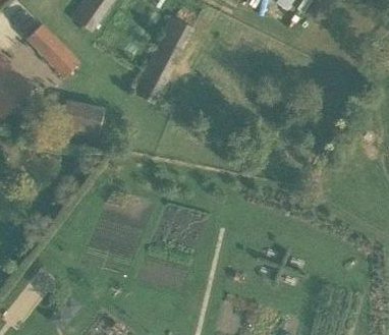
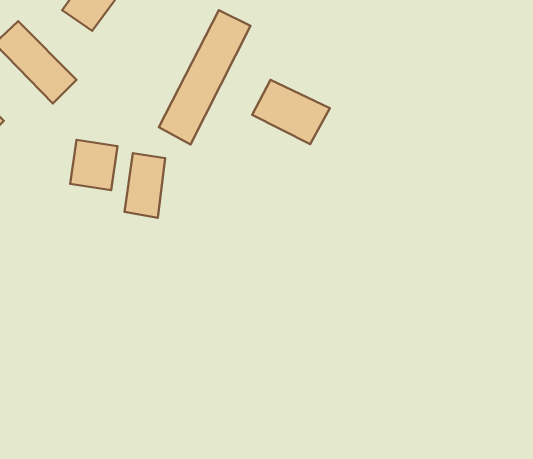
building: none -> [252,80,330,144]
building: none -> [124,153,165,218]

